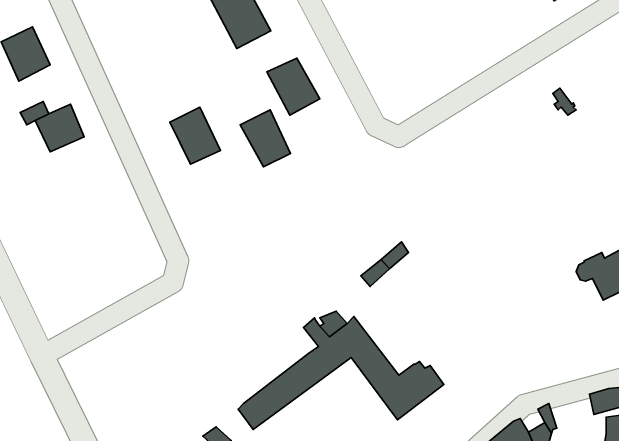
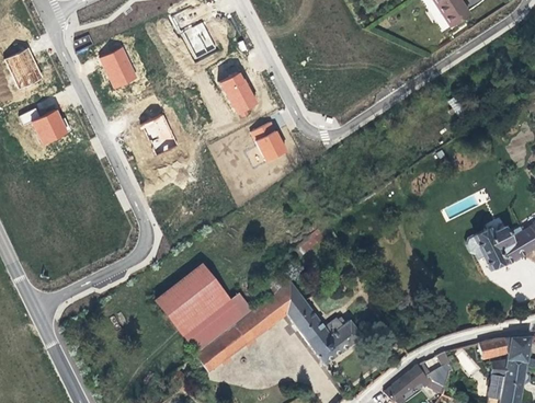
building: none -> [99,47,139,92]
building: [240,110,291,167] -> [250,120,291,166]
building: none -> [156,265,252,350]

